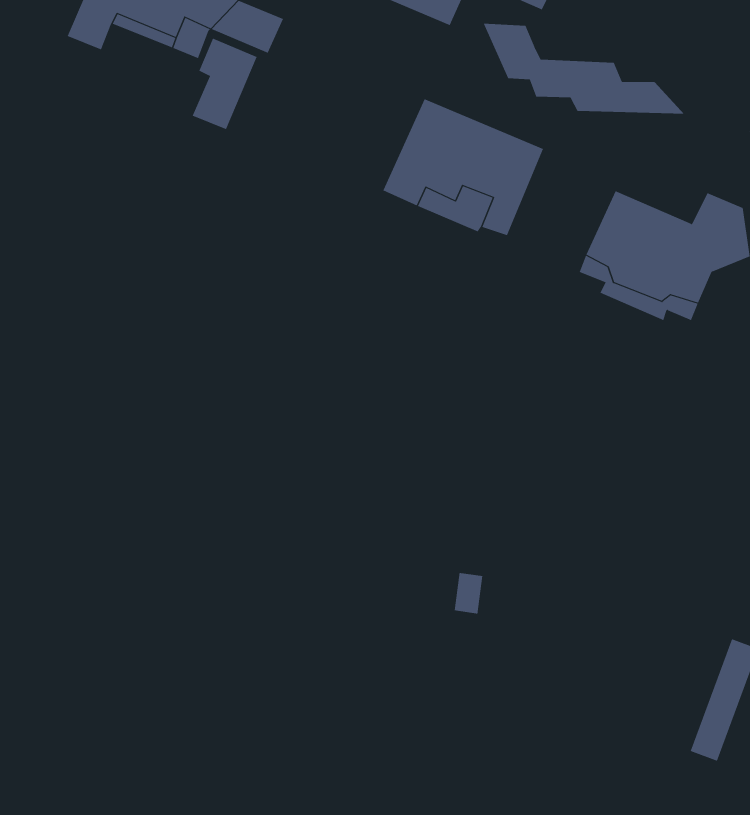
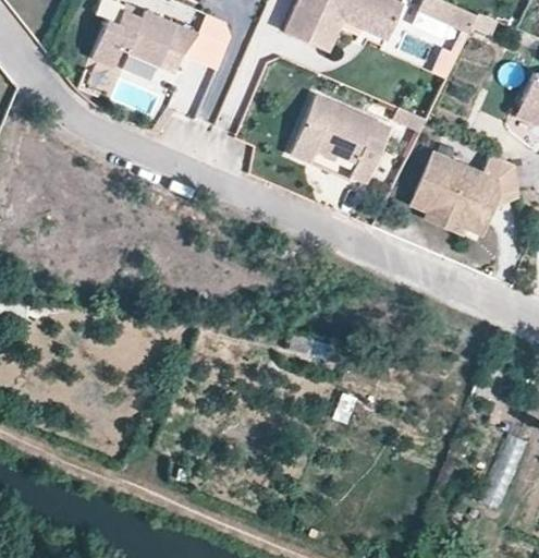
building: [483,23,685,115] -> none

